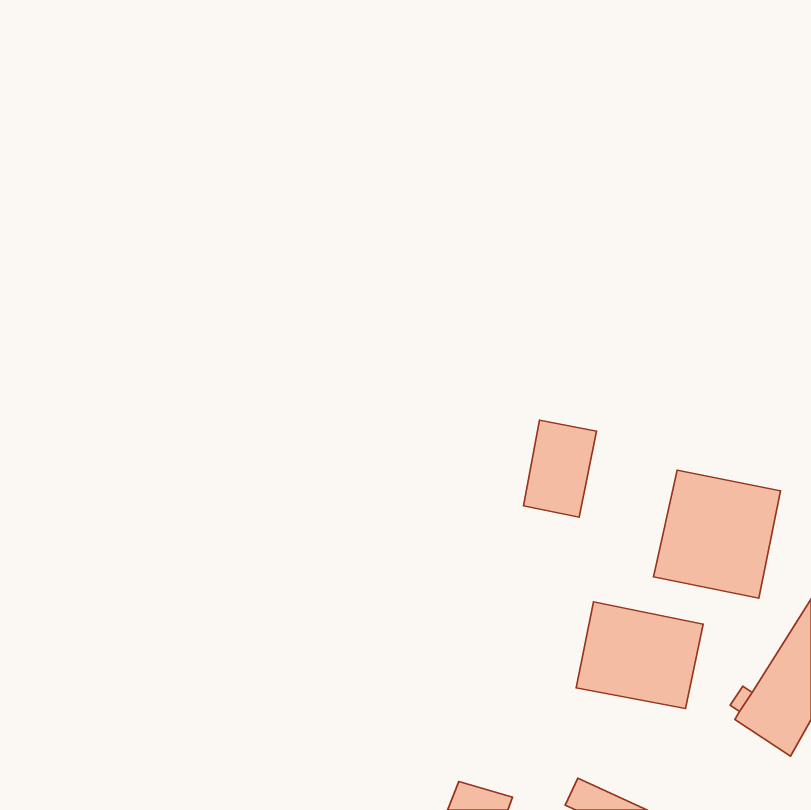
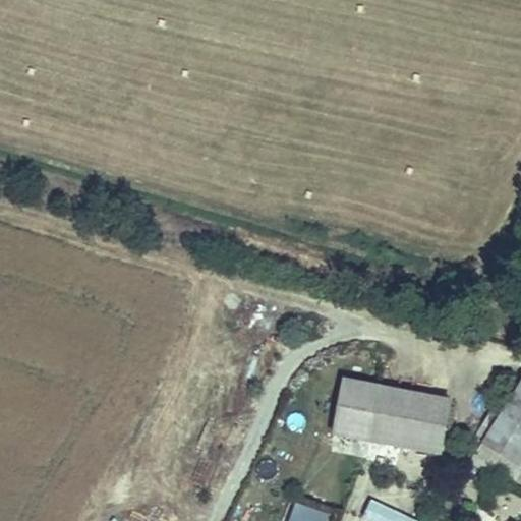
building: [524,420,597,517] -> [334,379,381,441]
building: [653,470,781,598] -> none

